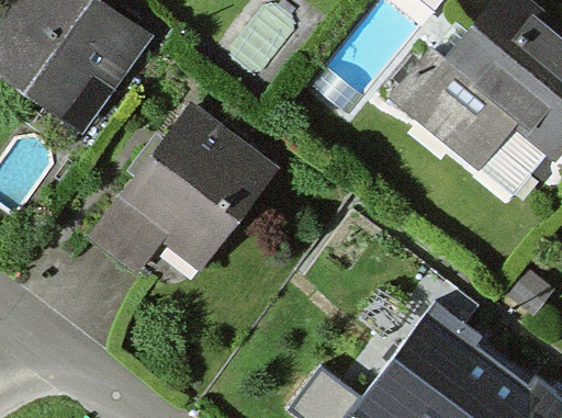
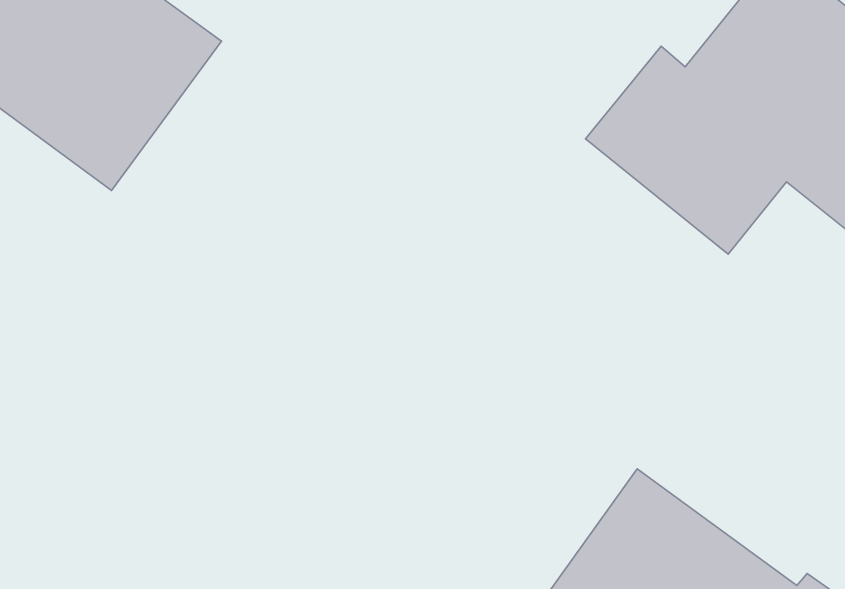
building: [88,110,272,276] -> none

